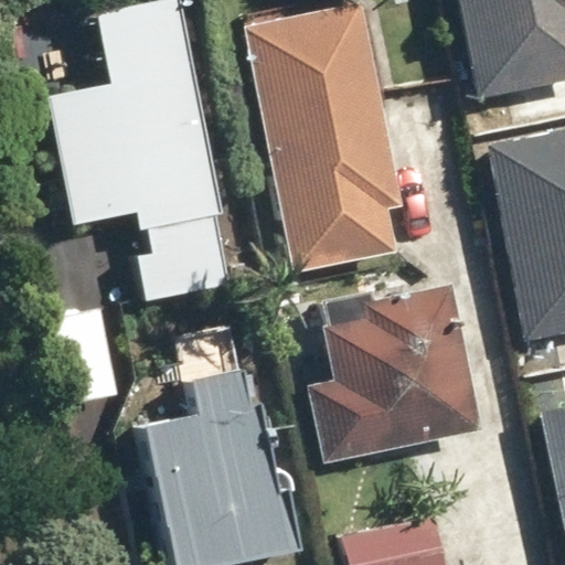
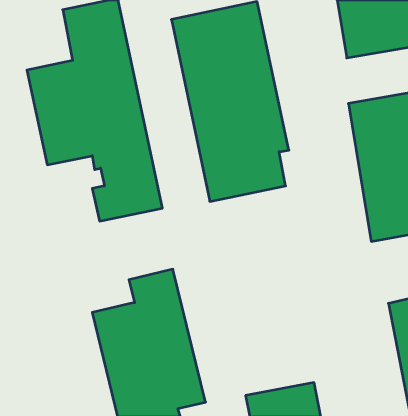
building: [309,286,481,462] -> none

